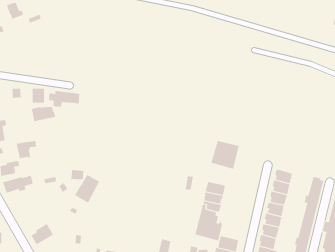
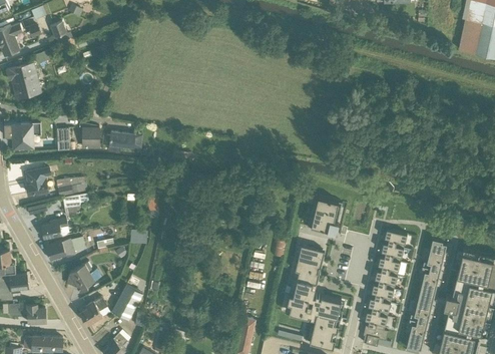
building: [31,107,56,122] -> [56,178,87,197]
building: [74,174,100,203] -> [110,285,142,321]
building: none -> [66,261,101,291]
building: none -> [317,295,345,318]

